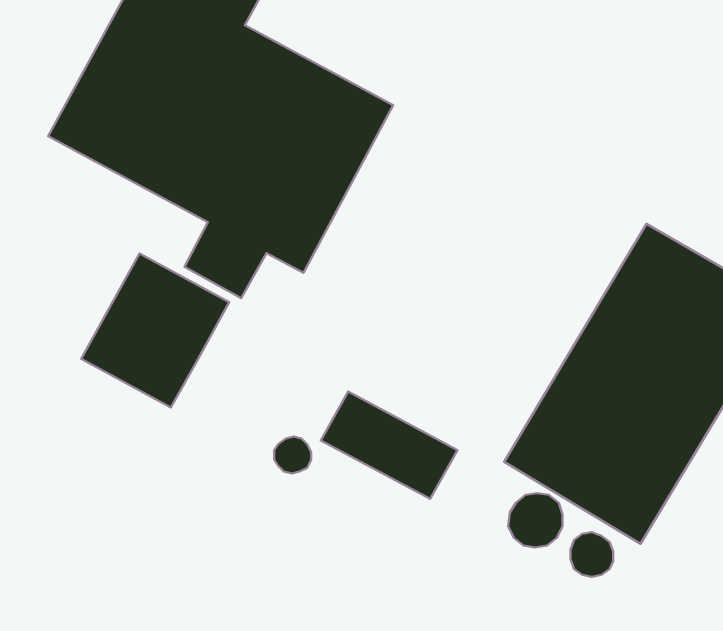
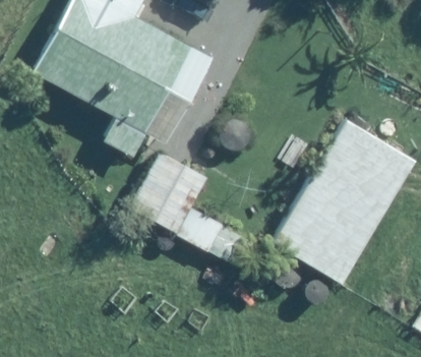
building: [81,253,229,408] -> [127,152,204,232]

